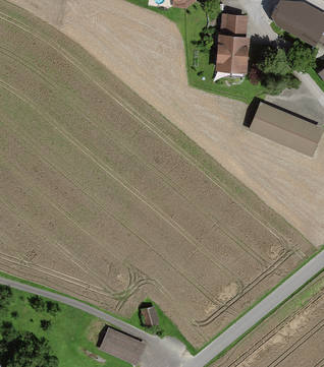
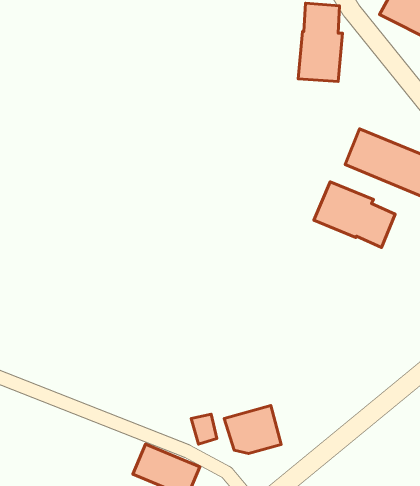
building: none -> [314,182,395,248]
building: none -> [224,405,281,454]

